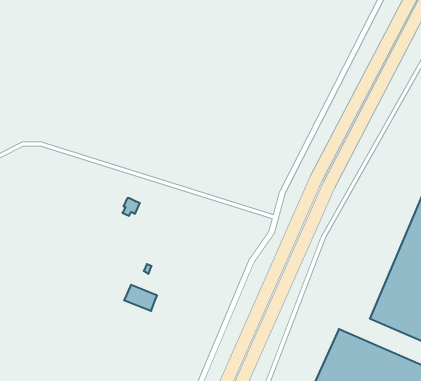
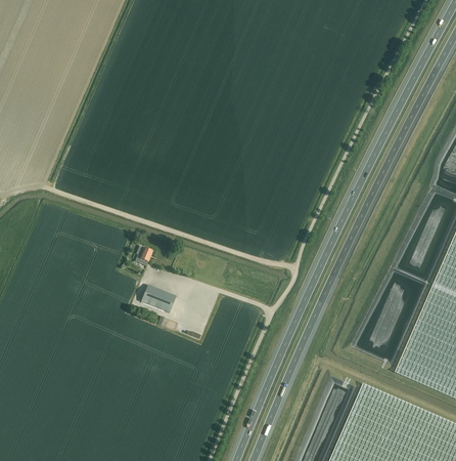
building: [124,285,157,311] -> [141,285,176,312]

